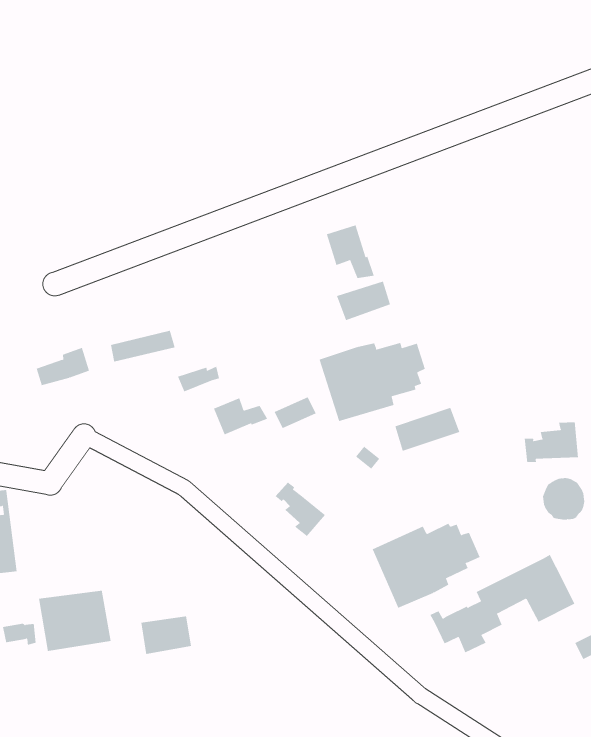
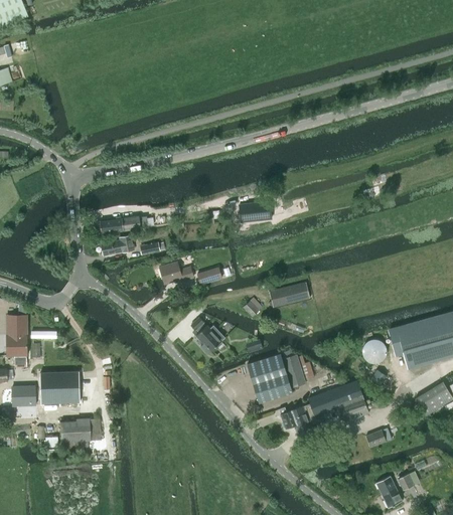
building: [326,224,374,279] -> none
building: [319,342,426,422] -> none
building: [36,347,90,386] -> [102,234,135,255]
building: [524,422,579,463] -> none
building: [140,616,192,655] -> [60,420,91,442]

